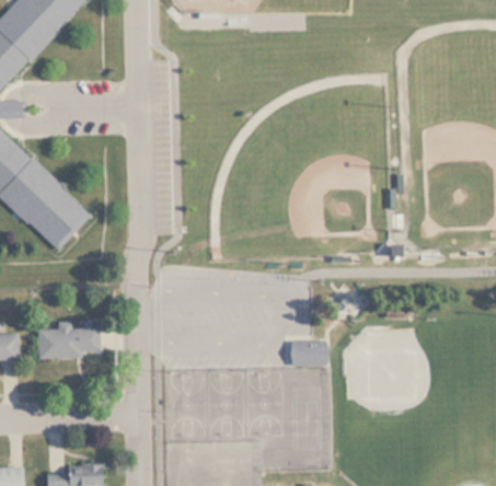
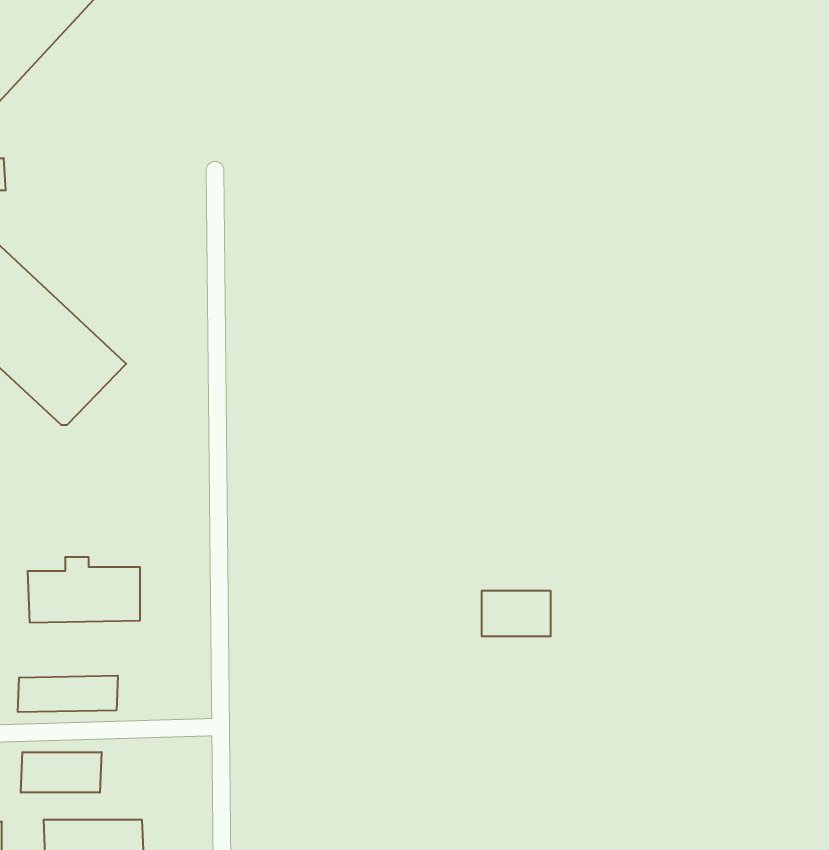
building: none -> [18,676,118,712]
building: none -> [21,752,102,793]

